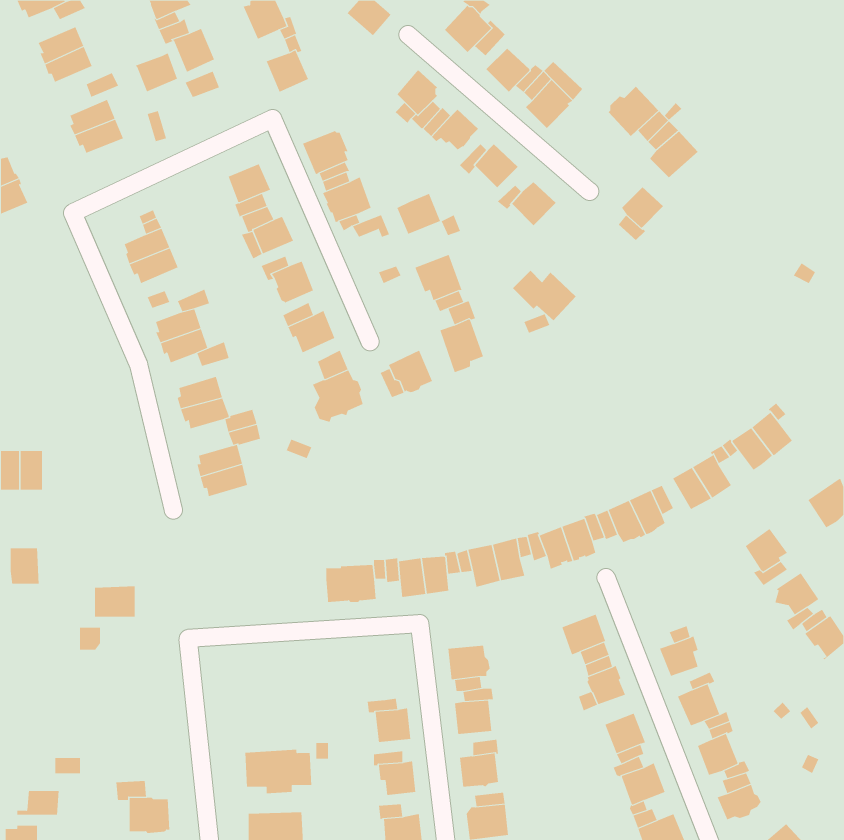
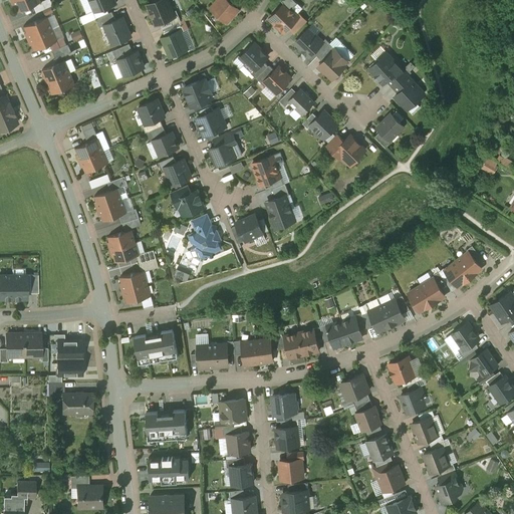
building: [135,52,178,92] -> [117,53,144,77]
building: [396,193,441,234] -> [210,142,237,167]
building: [512,270,577,321] -> [326,136,365,167]
building: none -> [135,331,178,364]
building: none -> [23,335,41,357]
building: none -> [56,340,82,359]
building: none -> [389,357,416,383]
building: none -> [63,395,91,415]
building: none -> [220,400,247,423]
building: none -> [146,412,187,441]

